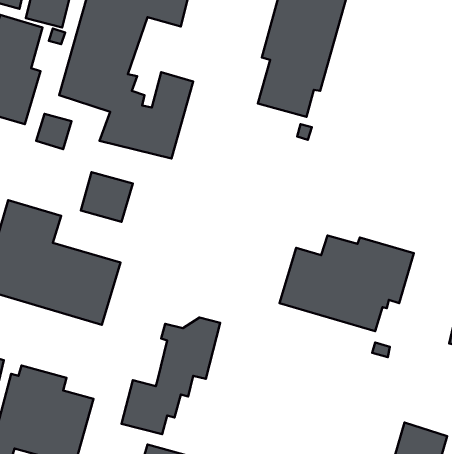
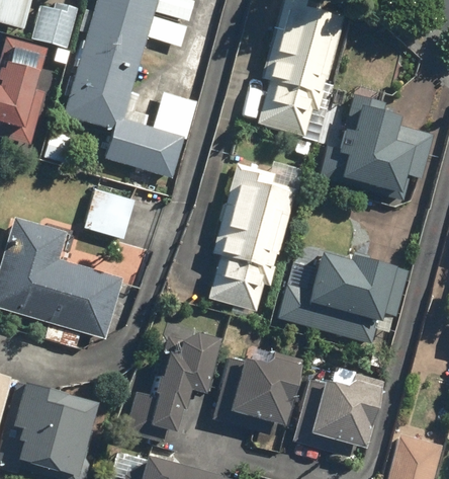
building: none -> [319,97,435,203]
building: none -> [210,163,298,311]
building: none -> [214,351,304,435]
building: none -> [293,374,384,458]

